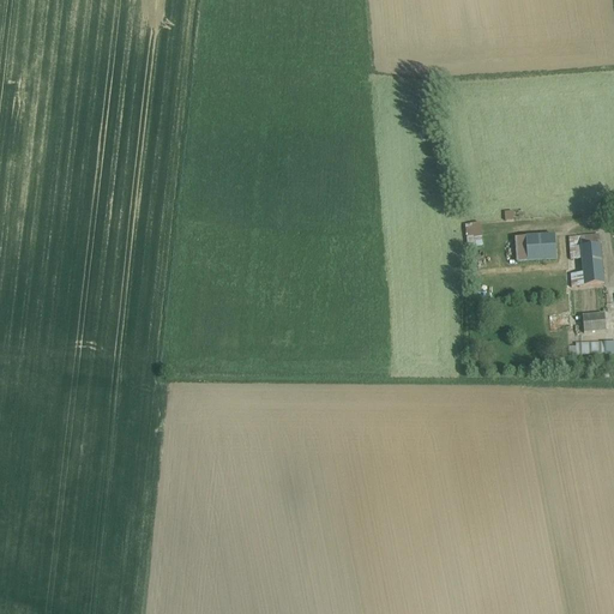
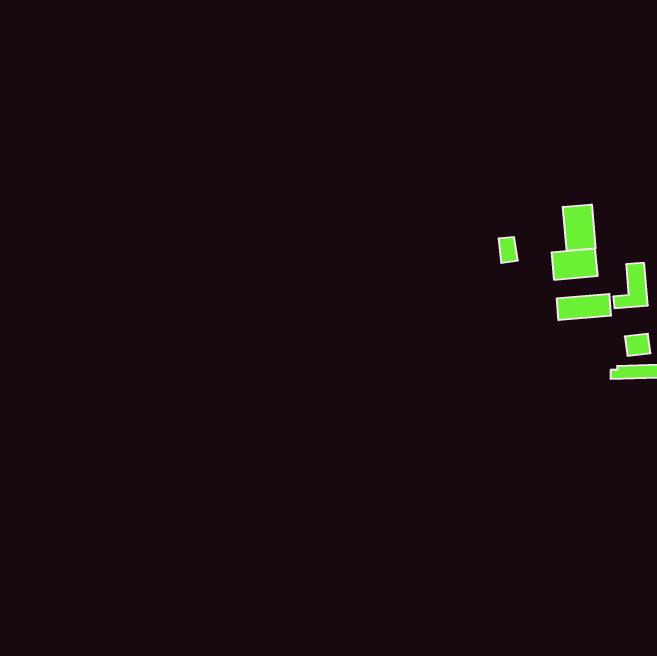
building: none -> [563,204,596,251]
building: none -> [557,294,611,320]

